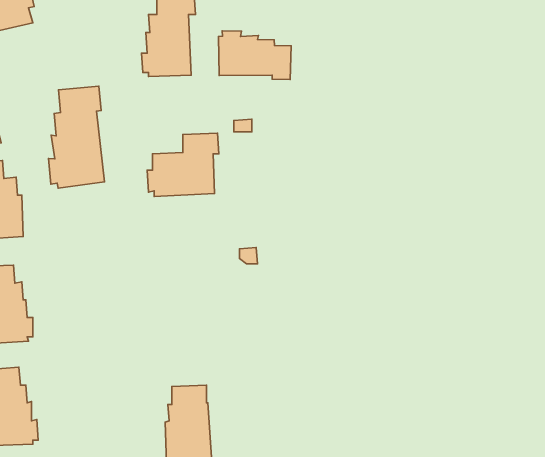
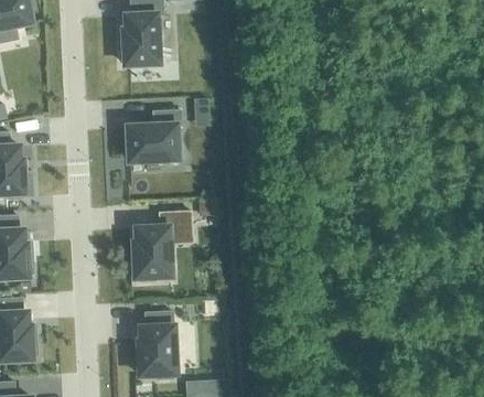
building: [219,31,291,80] -> none
building: [48,86,104,188] -> none
building: none -> [129,213,191,283]

